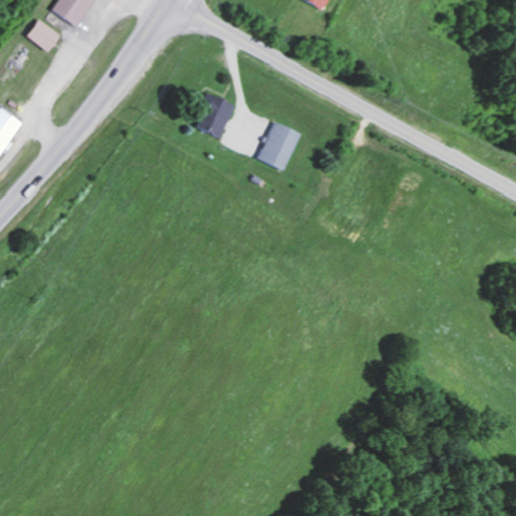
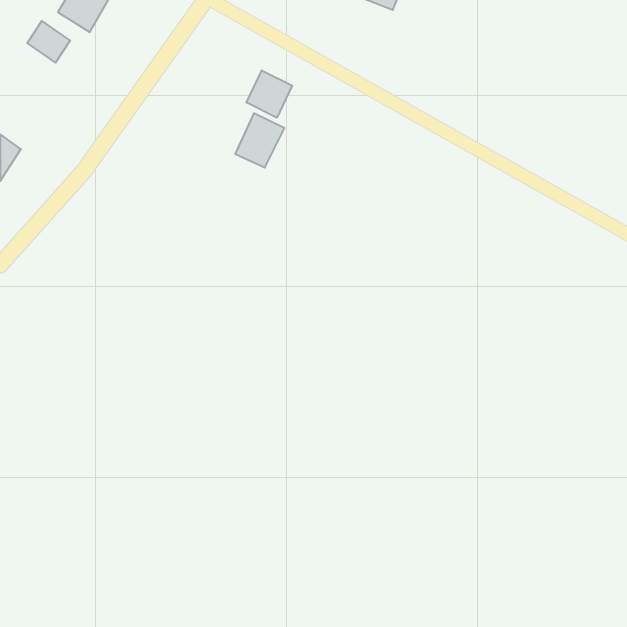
building: none -> [246,70,292,118]
building: [260,122,298,170] -> none

